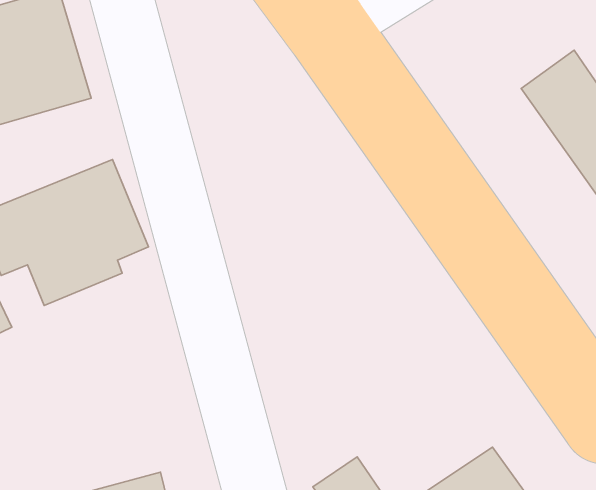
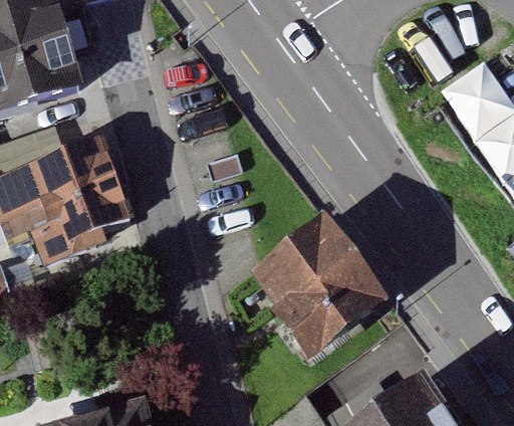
building: none -> [241,221,381,363]

